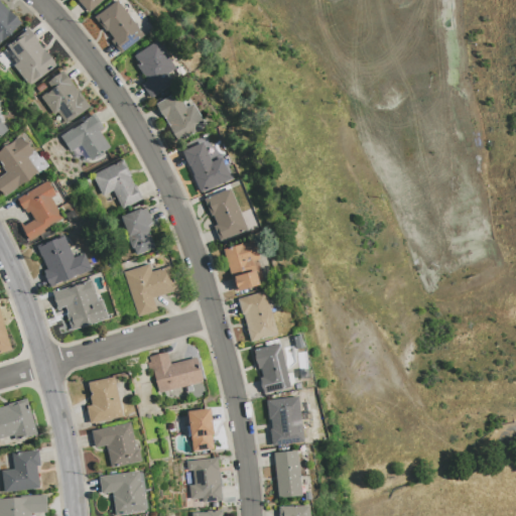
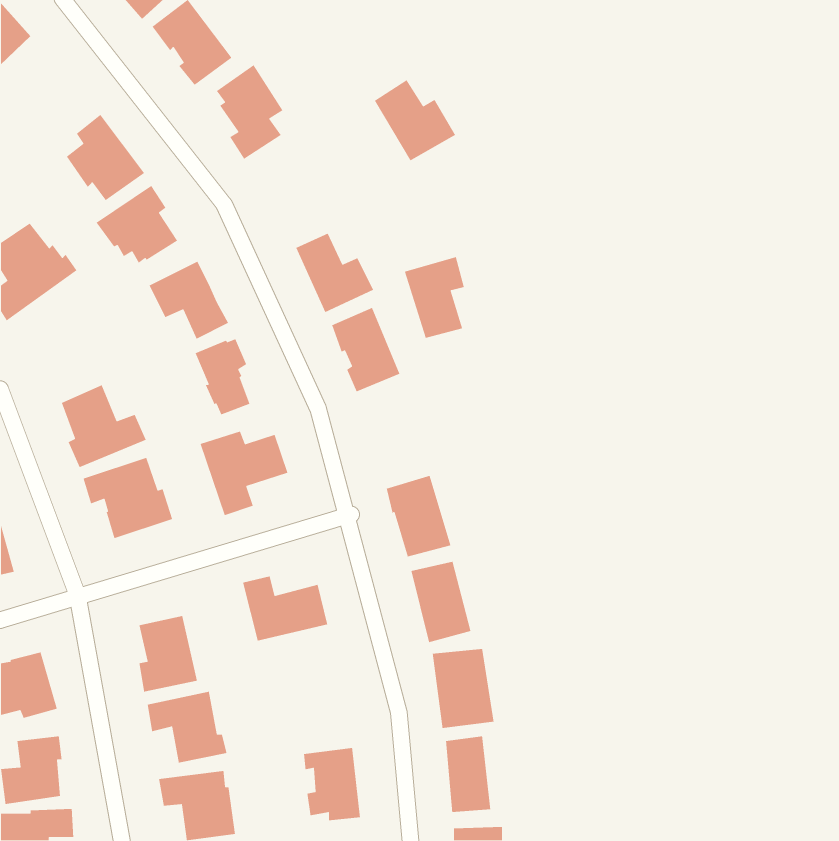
building: [8,28,56,86] -> none
building: [156,91,207,141] -> [374,79,456,161]
building: [18,180,63,240] -> none
building: [223,240,260,290] -> [404,256,465,339]
building: [187,407,214,452] -> none

